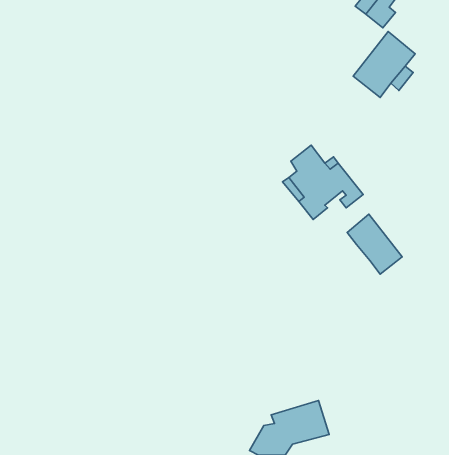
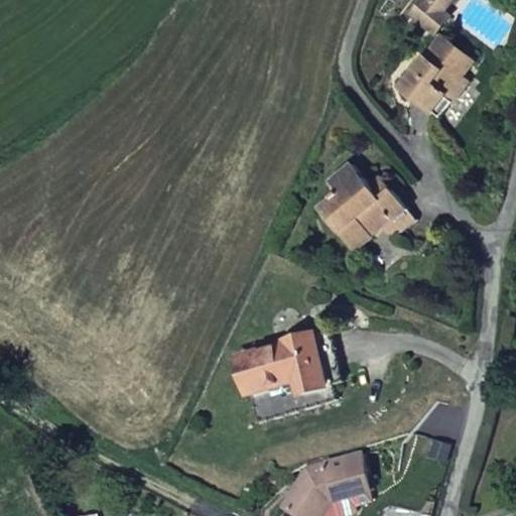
building: [347,214,402,274] -> none
building: none -> [236,328,338,418]

